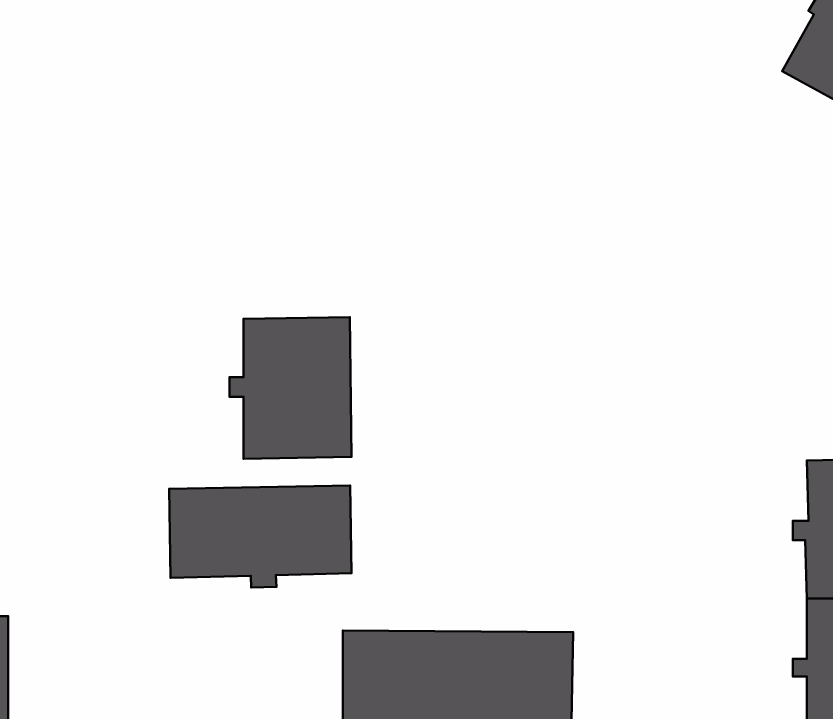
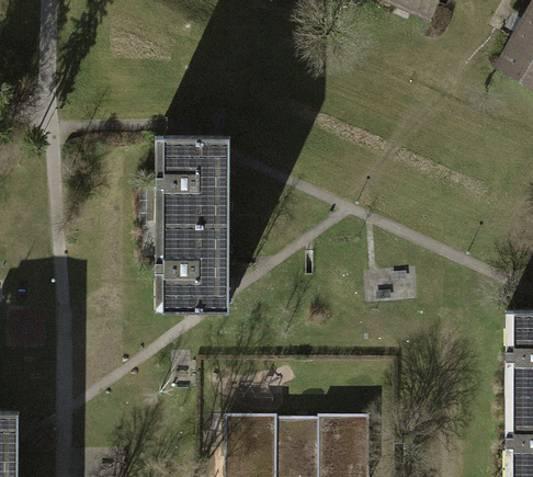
building: none -> [155,135,229,223]
building: [169,486,352,587] -> none

